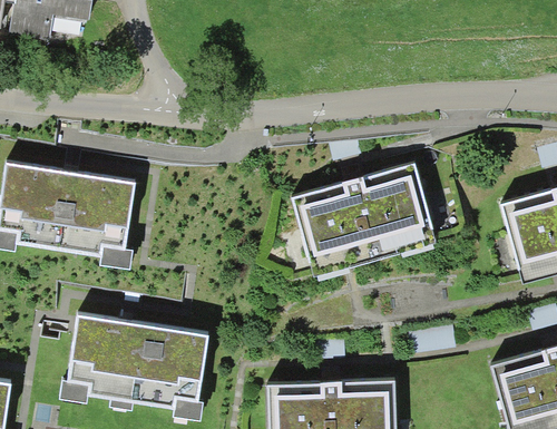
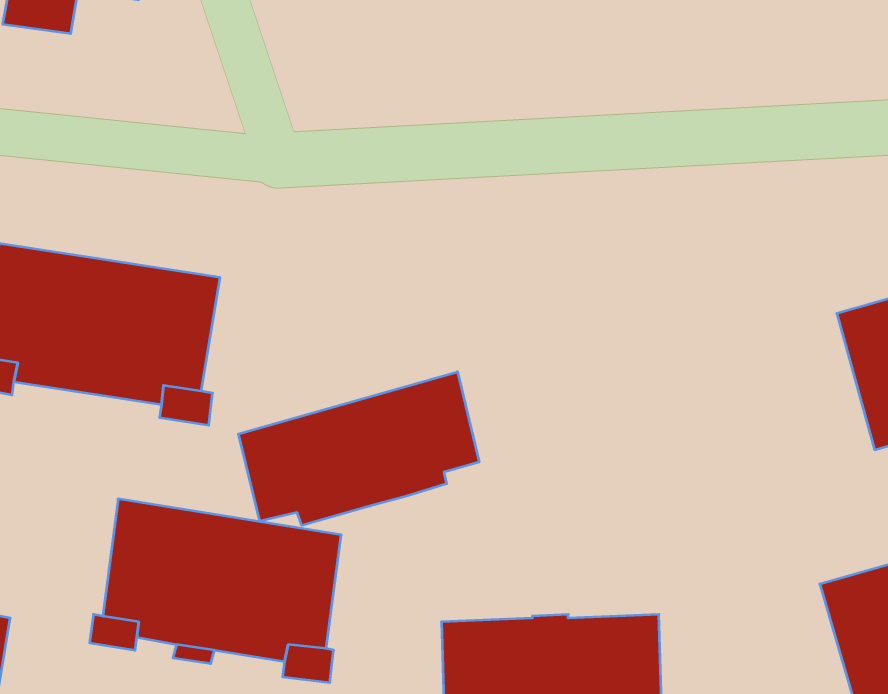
building: [293,163,438,279] -> none
building: none -> [238,372,479,525]

